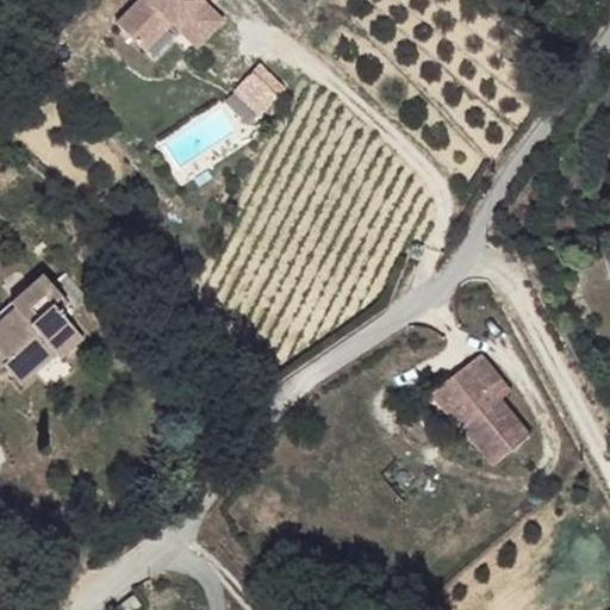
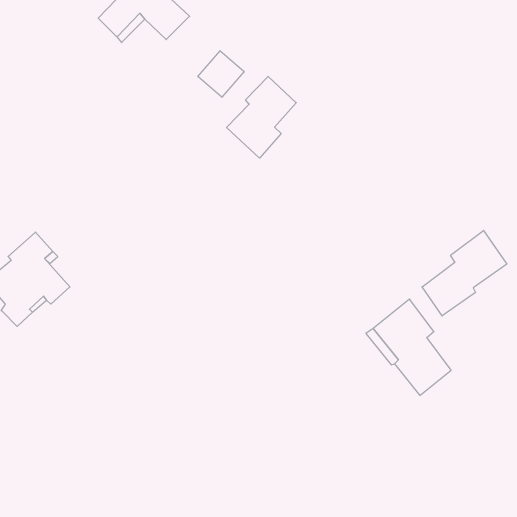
building: none -> [227,76,296,158]
building: none -> [422,230,507,316]

